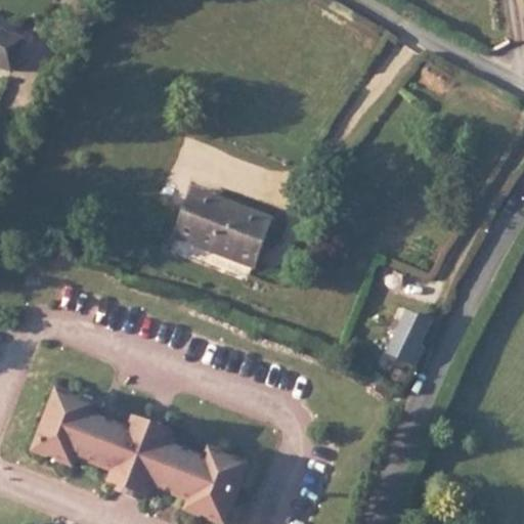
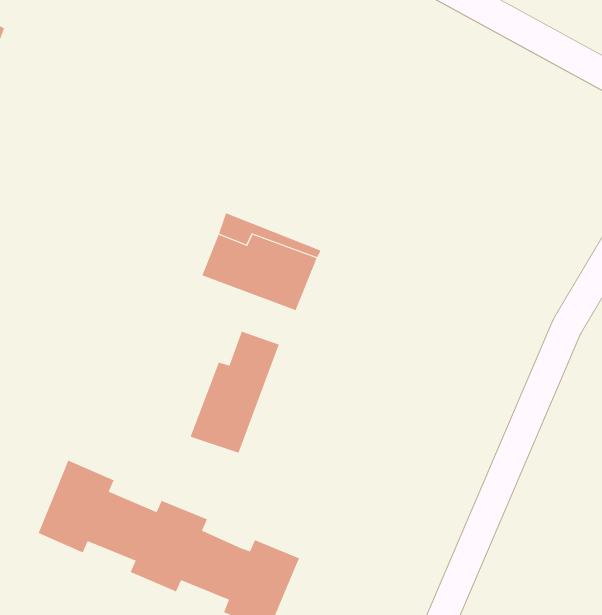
building: none -> [190,331,280,454]
building: [383,305,423,361] -> none

